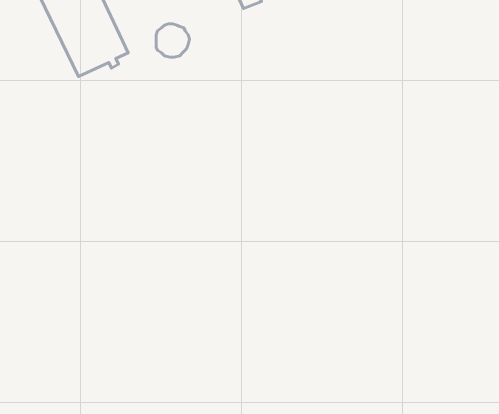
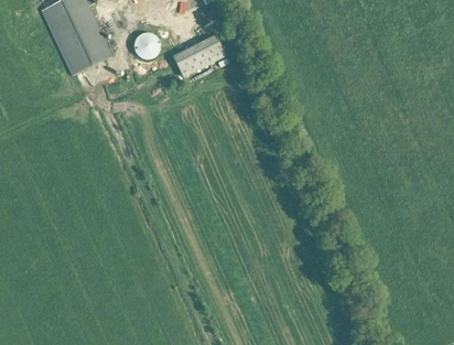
building: none -> [172,34,226,77]

